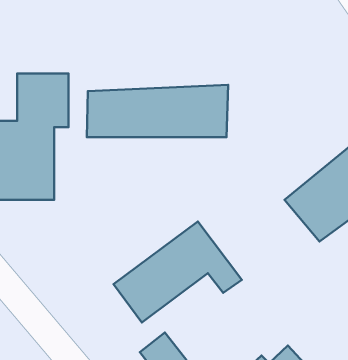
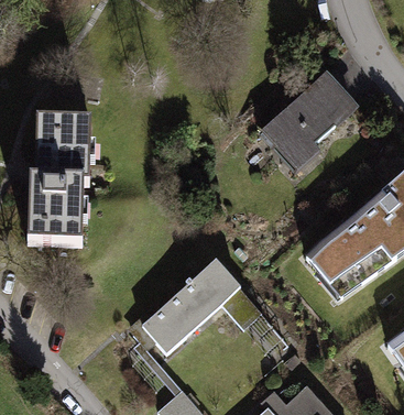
building: none -> [260,75,360,178]
building: [87,85,228,137] -> none

